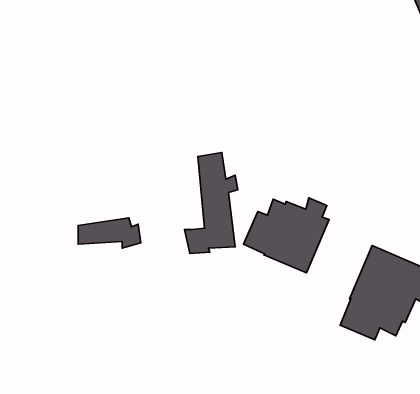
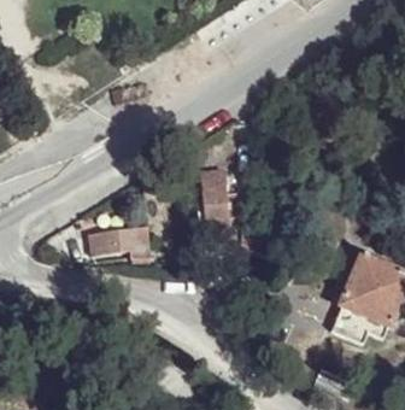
building: [244,198,329,273] -> none

